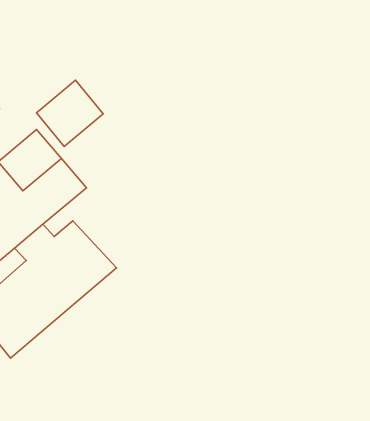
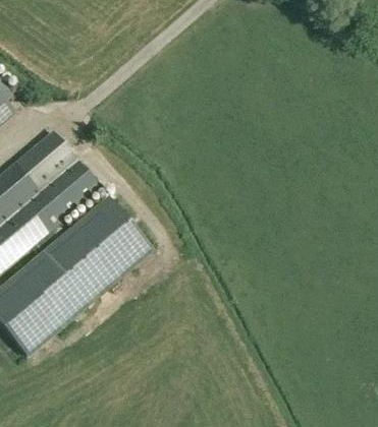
building: [36,80,103,147] -> none
building: none -> [87,198,151,264]

